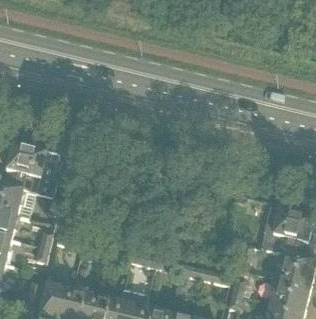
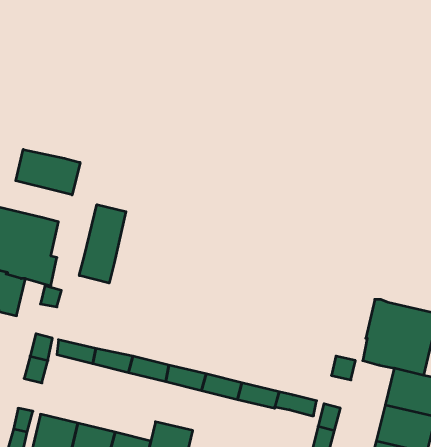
building: none -> [16,149,80,195]
building: none -> [79,205,126,283]

